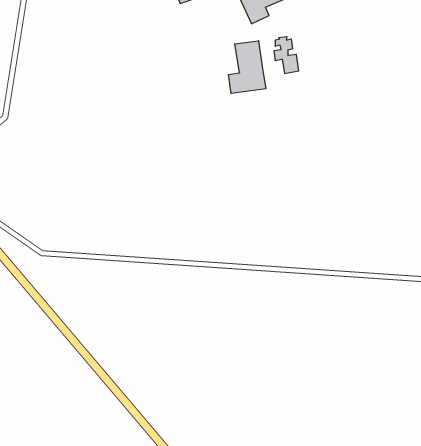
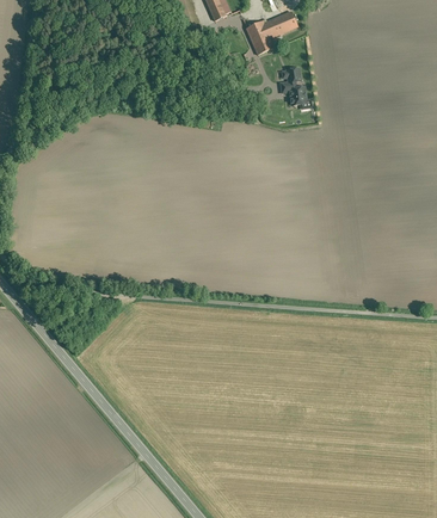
building: [229,41,266,94] -> none

